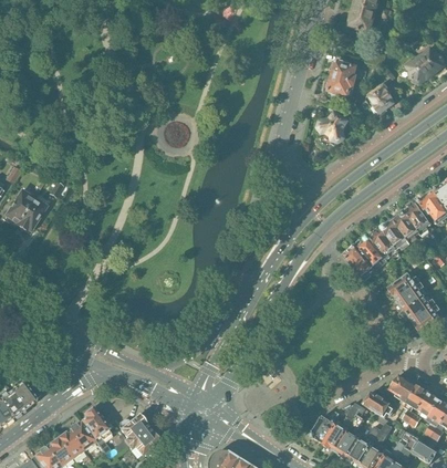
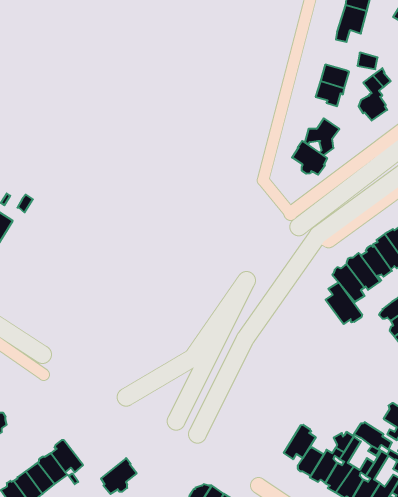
building: none -> [292,141,327,175]
building: none -> [326,282,362,324]
building: none -> [284,425,316,459]
building: [119,414,150,445] -> none

